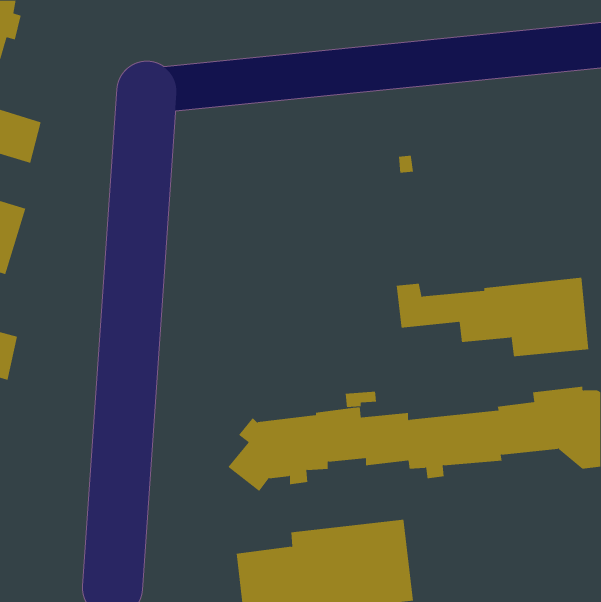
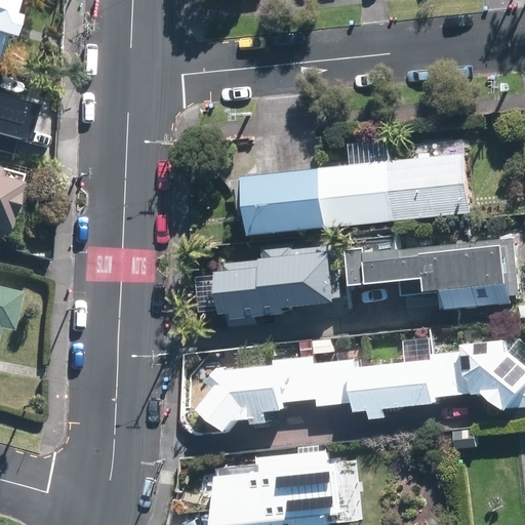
building: none -> [236,154,470,235]
building: none -> [217,245,338,321]

